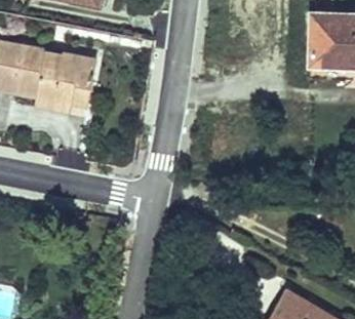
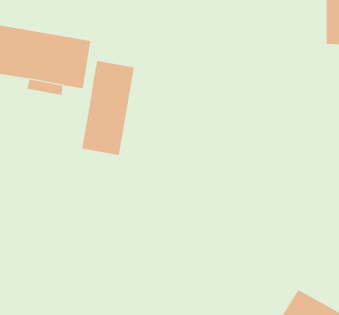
building: none -> [81,60,135,156]

